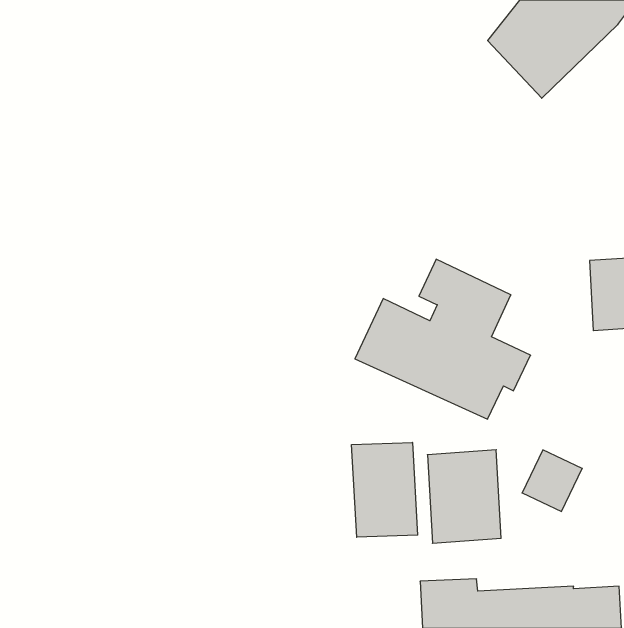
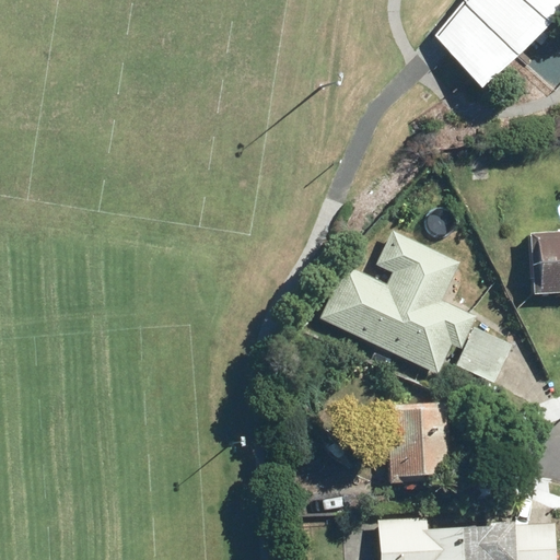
building: [352,442,418,537] -> none
building: [522,450,582,511] -> [455,327,509,382]

